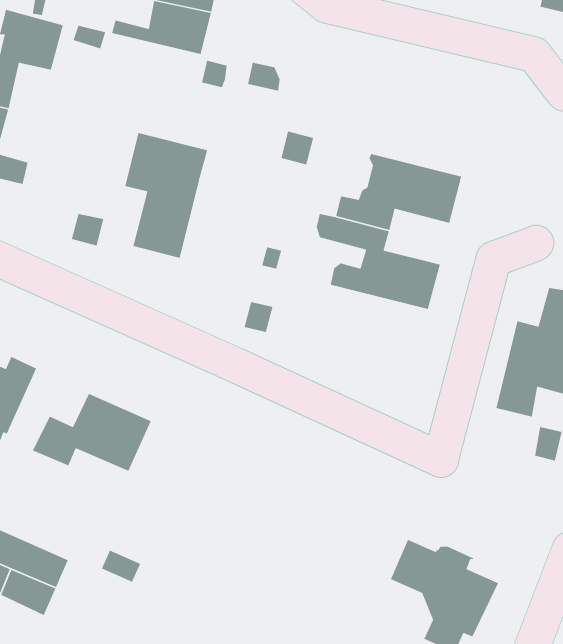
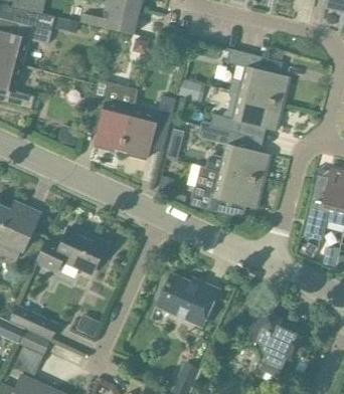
building: none -> [226,48,289,104]
building: none -> [121,94,175,158]
building: none -> [190,165,263,216]
building: none -> [157,273,218,326]

